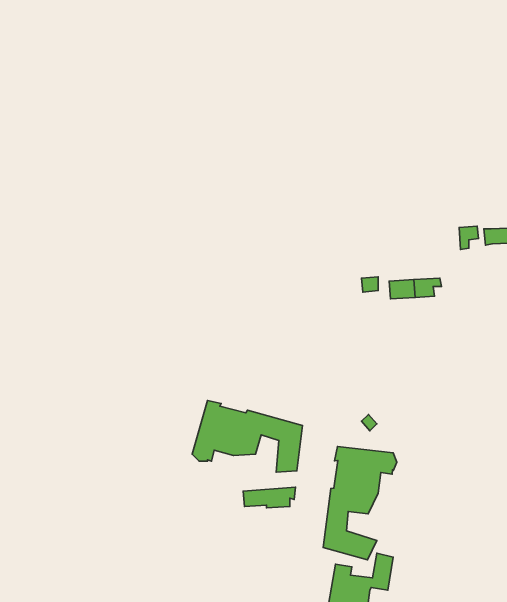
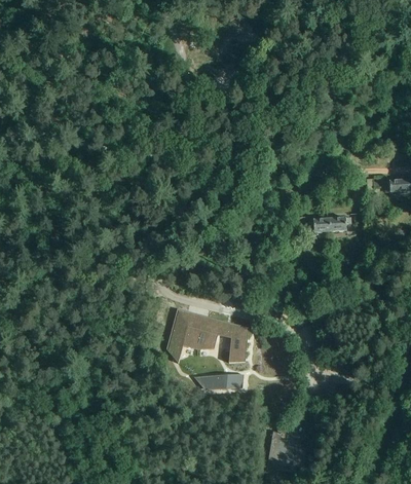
building: [323,446,397,560] -> none

